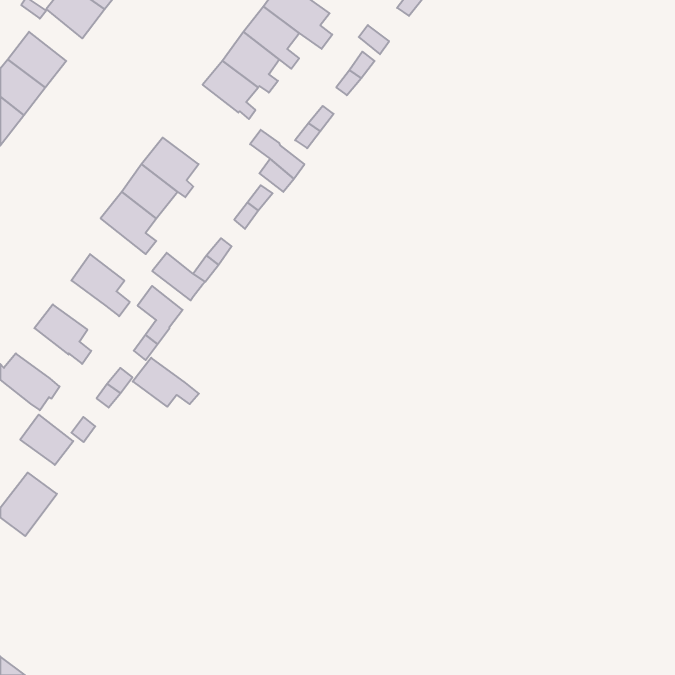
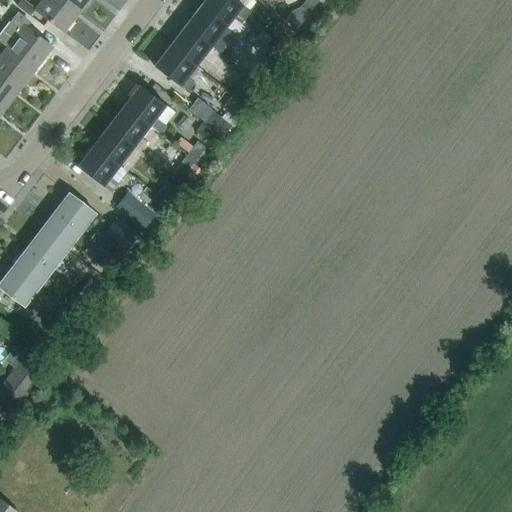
building: none -> [124,83,168,132]
building: [133,358,199,407] -> [41,212,91,249]
building: [20,415,73,465] -> [13,248,53,286]

